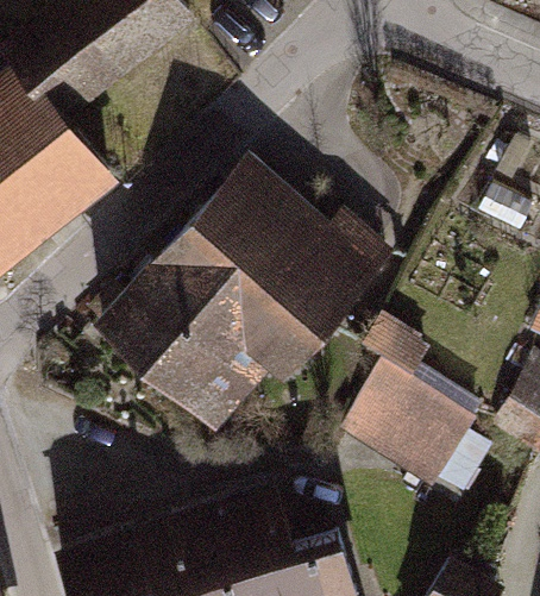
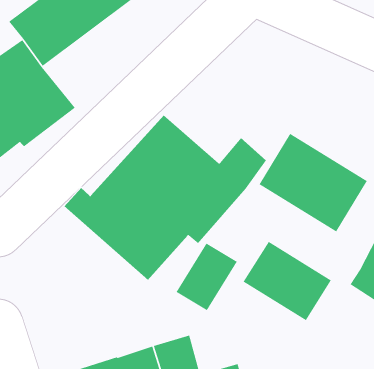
building: none -> [259,133,368,233]
building: none -> [176,243,238,311]

